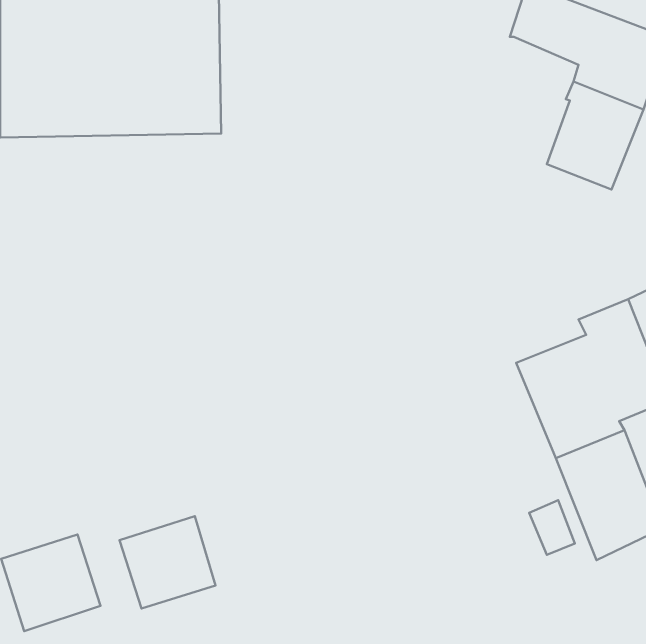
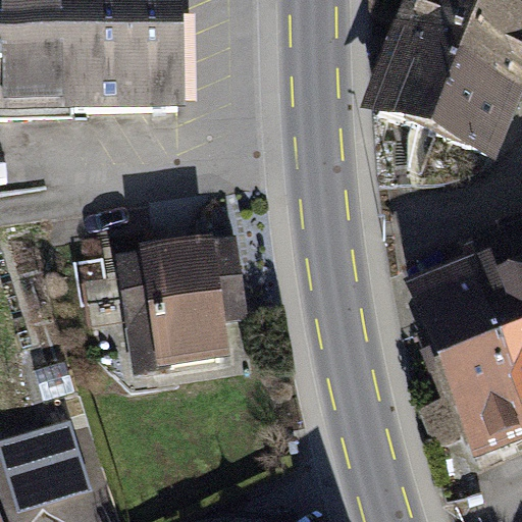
building: none -> [383,30,467,132]
building: none -> [127,246,244,366]
building: [120,516,216,609] -> none

